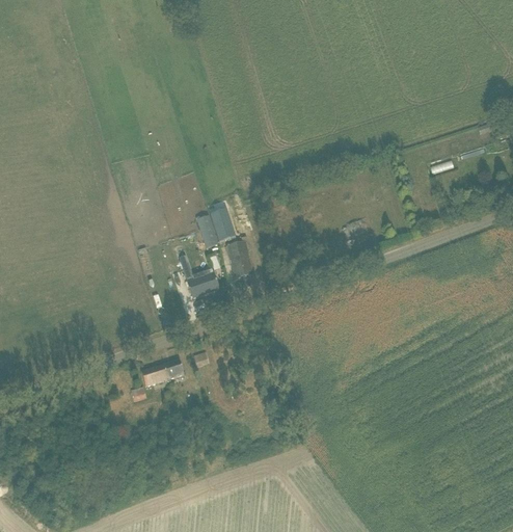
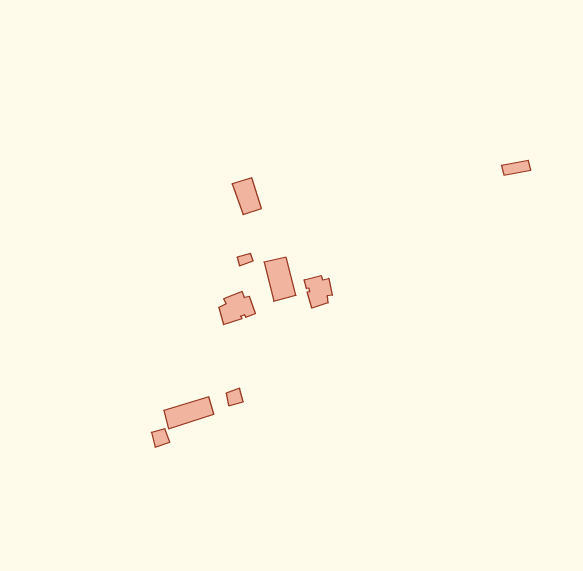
building: [209,209,234,240] -> [232,178,261,215]
building: none -> [304,276,332,308]

